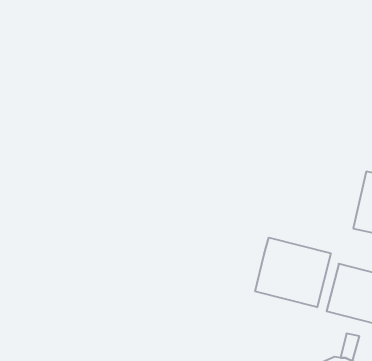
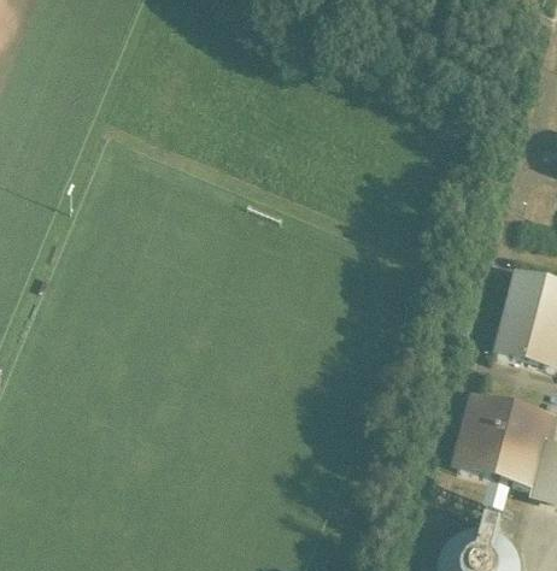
building: [255,238,331,307] -> none

